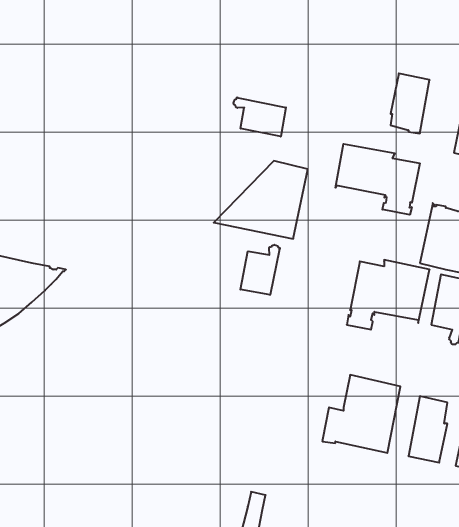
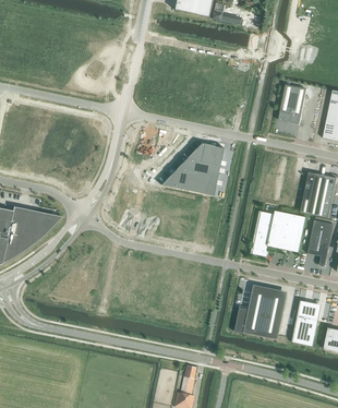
building: [234,97,286,137] -> none
building: [335,144,420,215] -> none
building: [240,245,280,295] -> none

